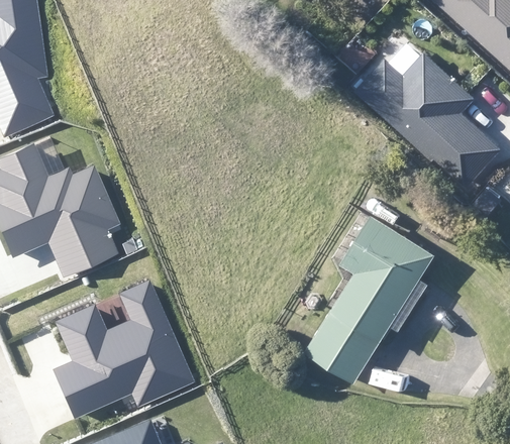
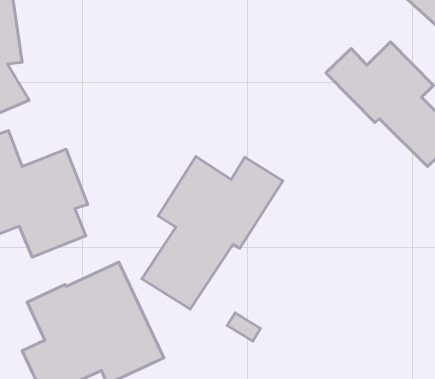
building: none -> [142,156,283,309]
building: [309,211,441,378] -> none

